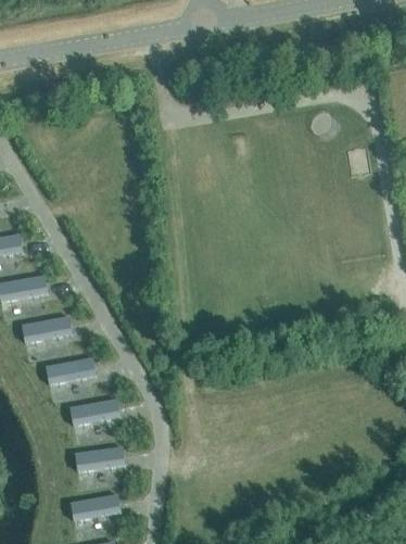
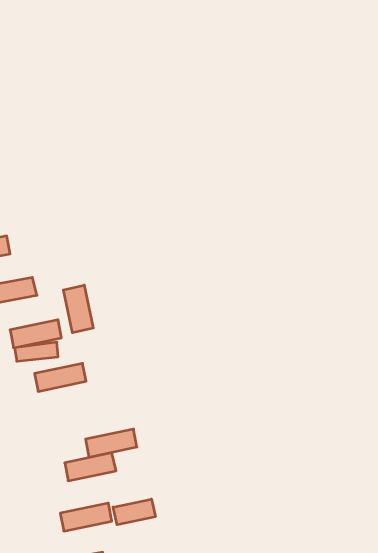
building: none -> [63,285,93,333]
building: [71,398,120,426] -> [86,429,137,457]
building: none -> [113,499,155,525]

